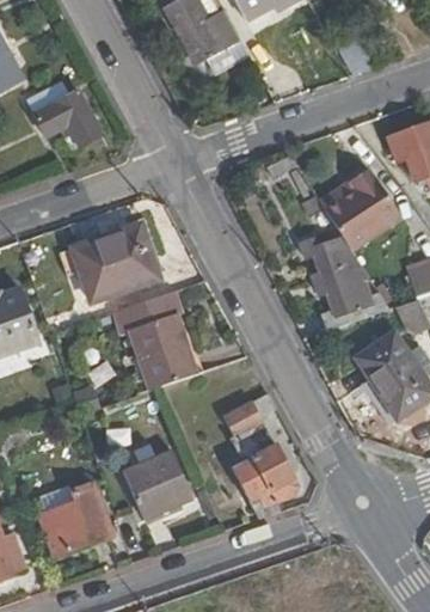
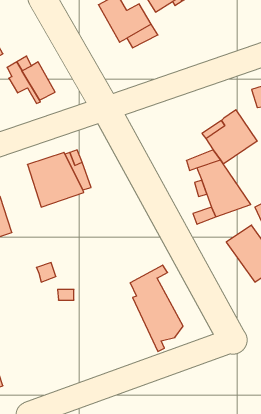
building: [117,301,190,391] -> none
building: [127,447,196,520] -> none
building: [41,483,115,558] -> none

